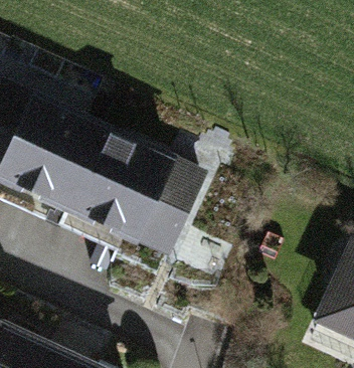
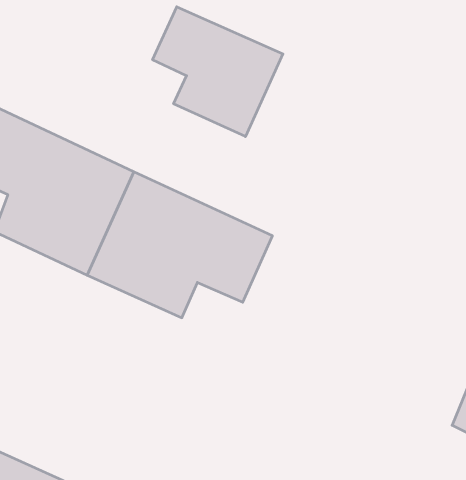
building: none -> [153,7,283,137]

